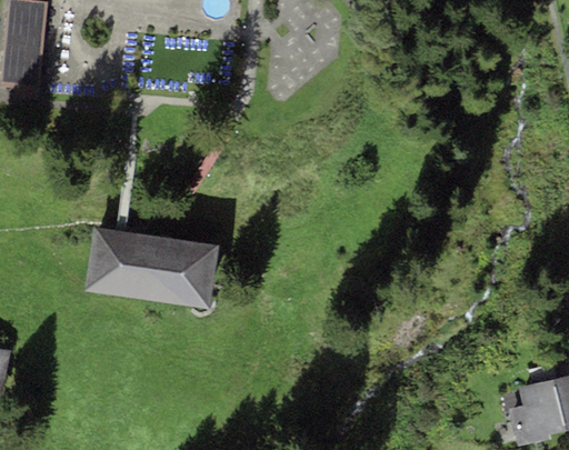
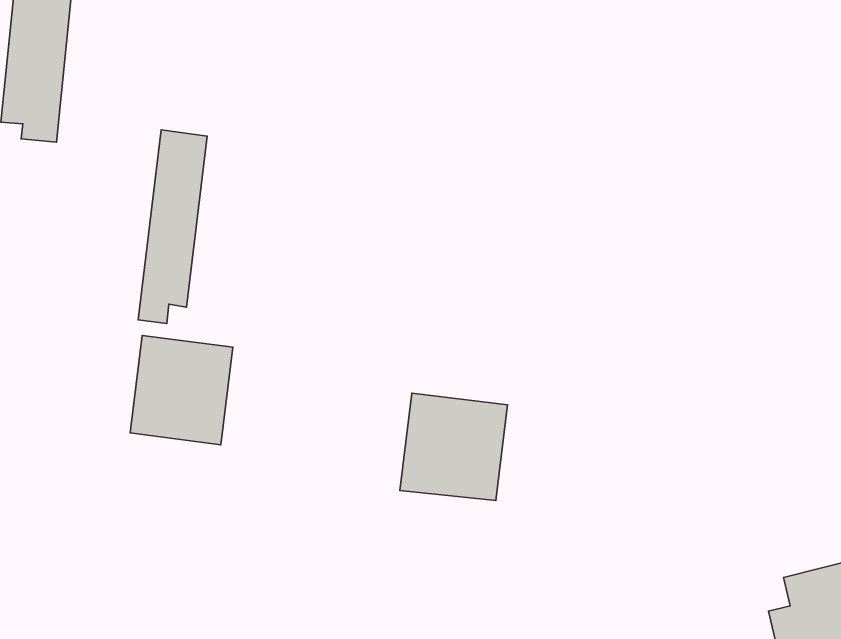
building: none -> [138,130,207,324]
building: [147,234,218,306] -> [400,393,507,501]

